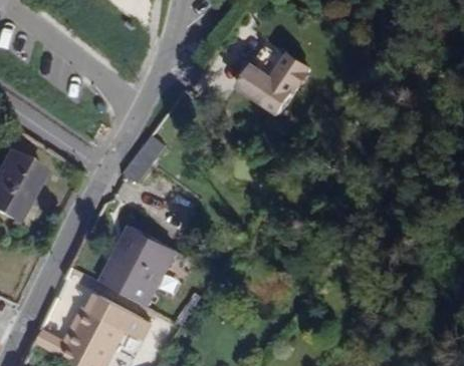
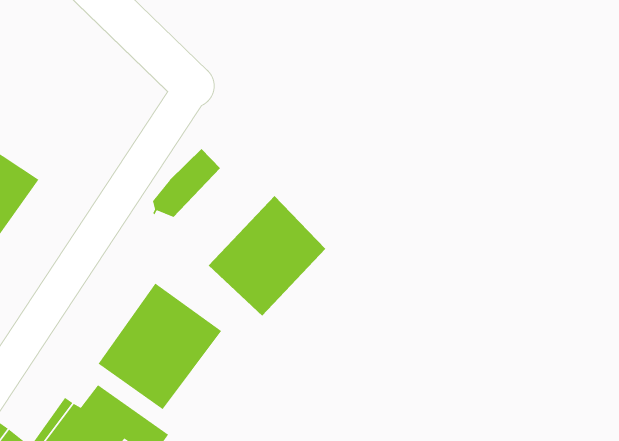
building: [235,46,305,116] -> none
building: none -> [208,195,326,316]

